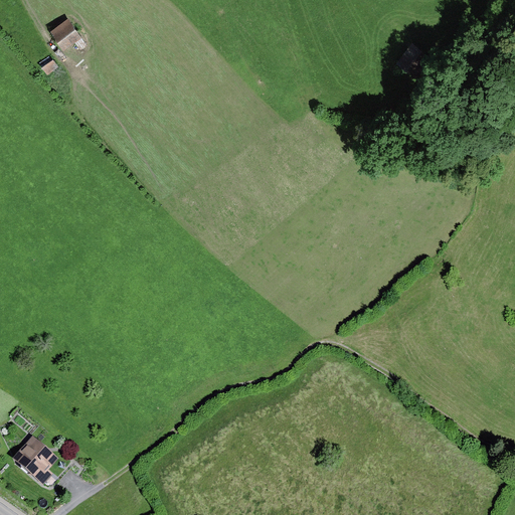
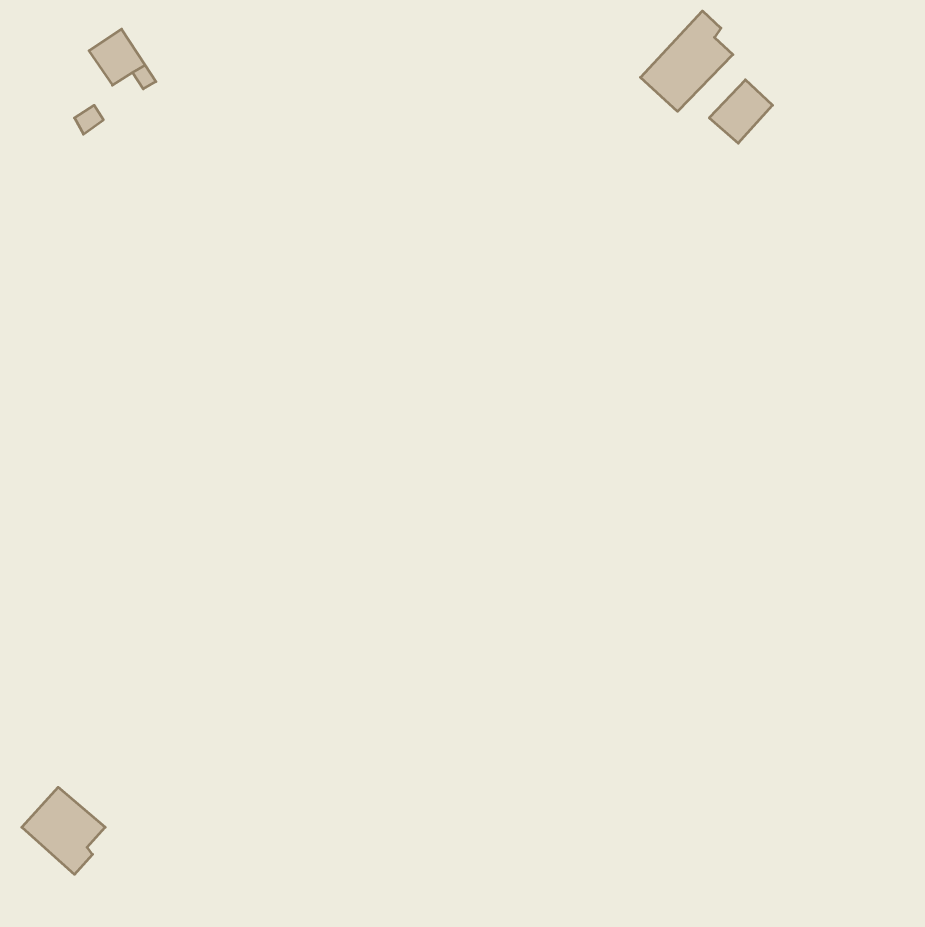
building: none -> [640,11,733,111]

